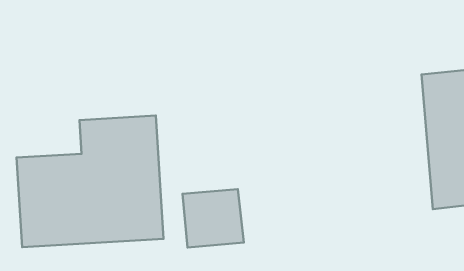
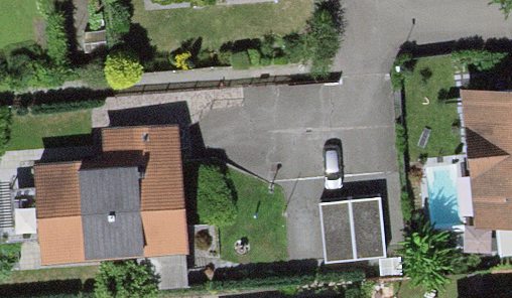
building: [183,189,244,247] -> [321,200,385,262]

